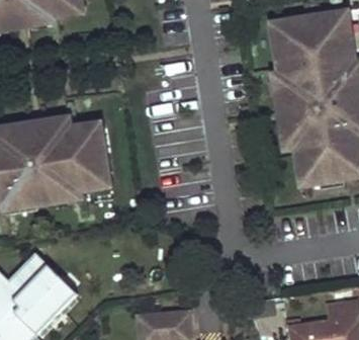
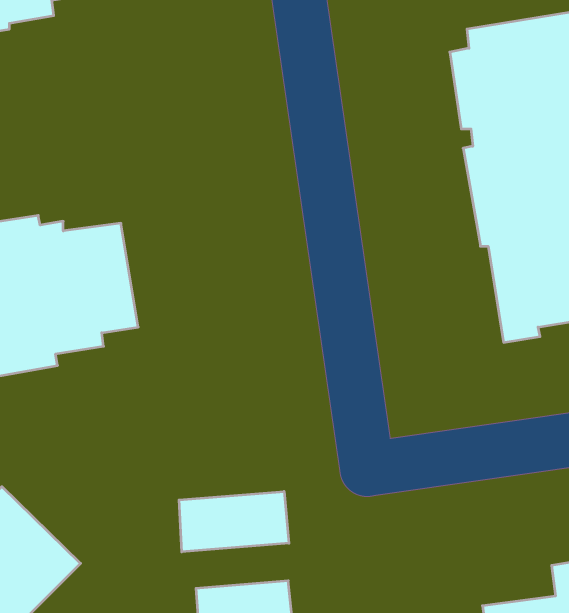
building: none -> [179,491,289,552]

